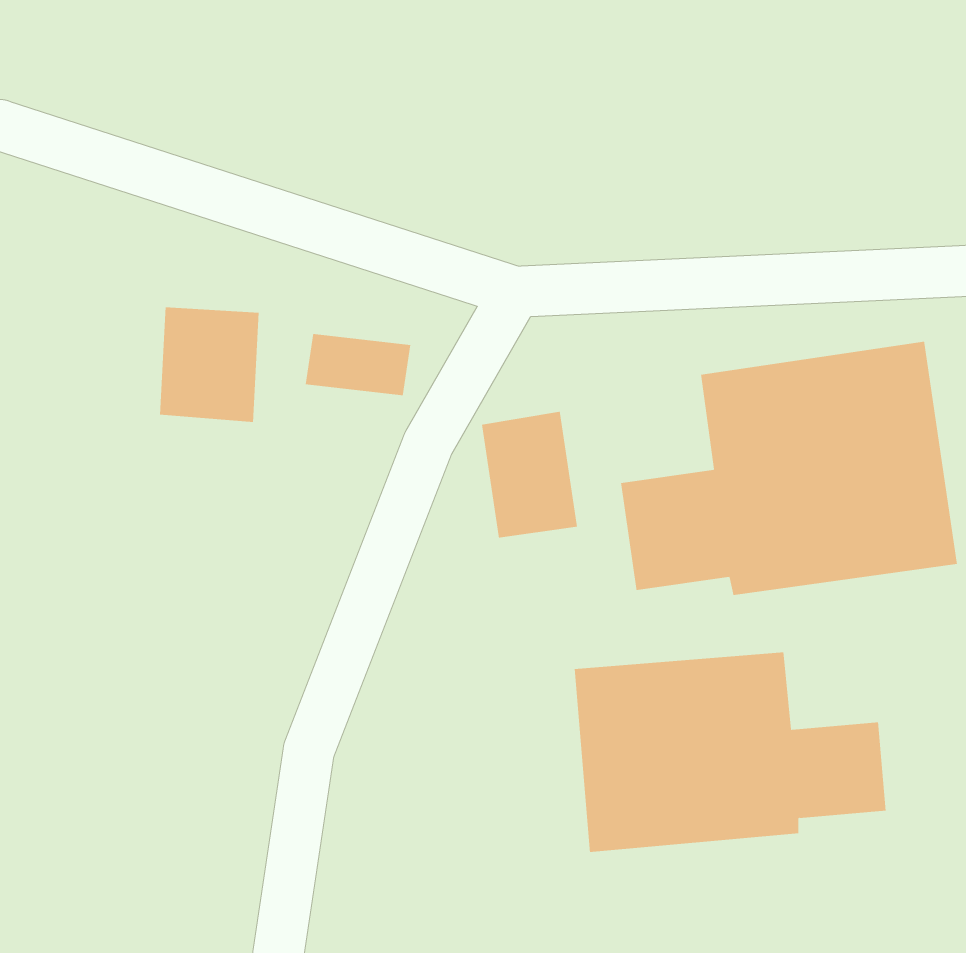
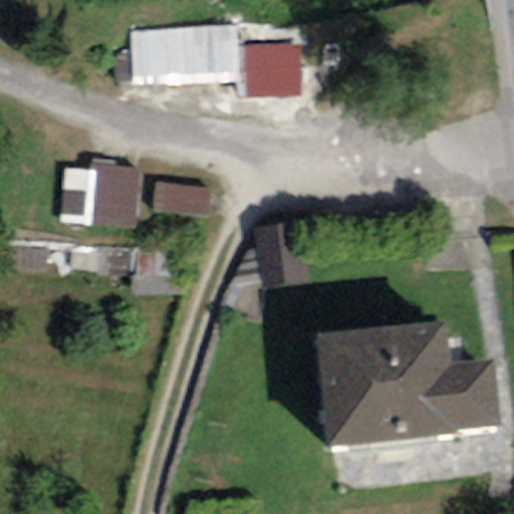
building: none -> [137,24,303,95]
building: [621,341,957,596] -> none

